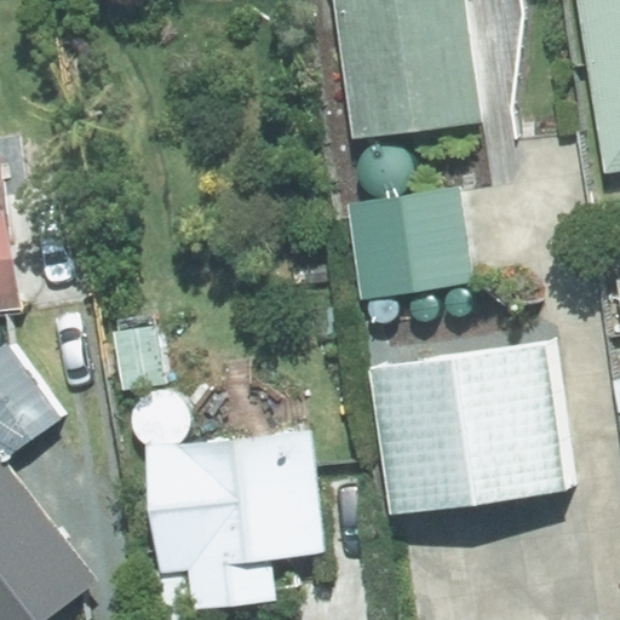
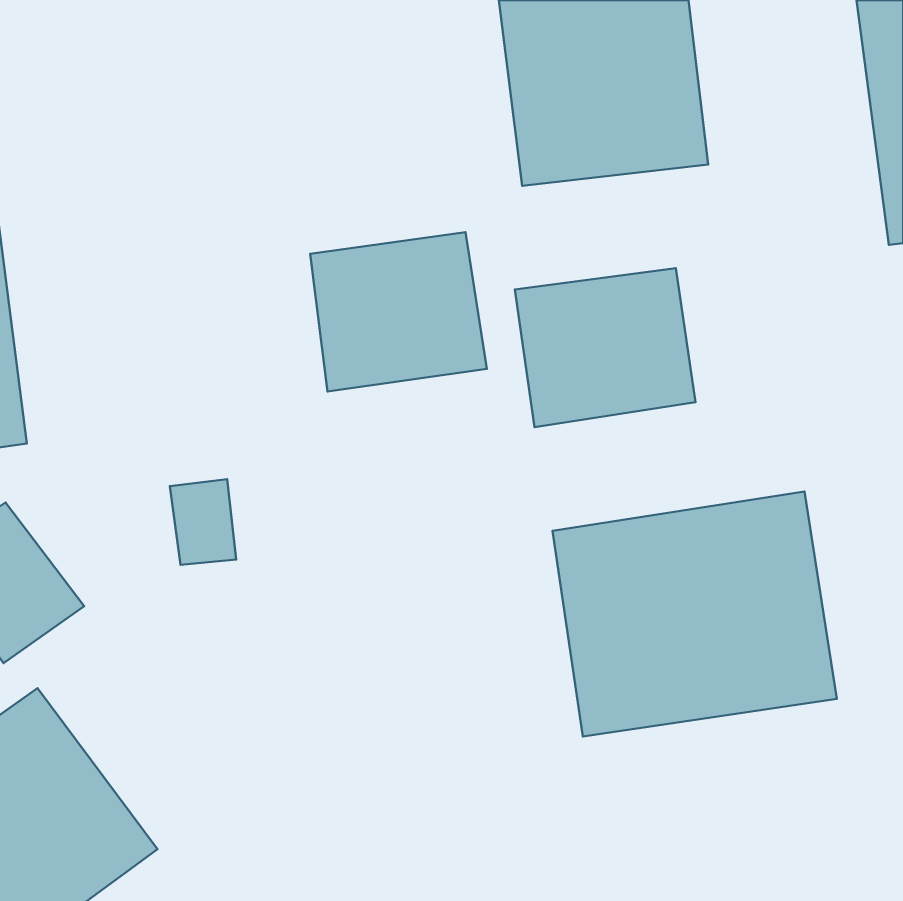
building: none -> [310,232,487,392]
building: [147,429,322,608] -> none

